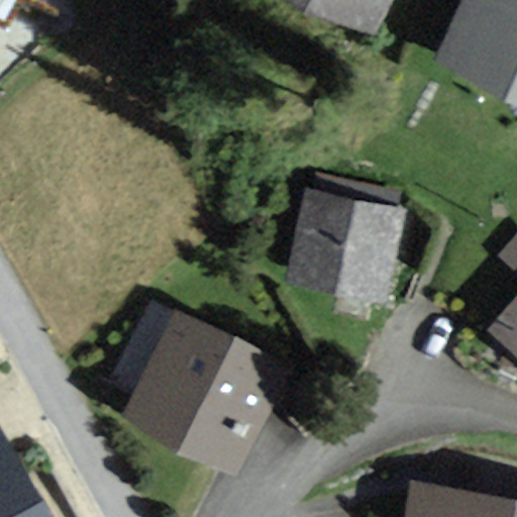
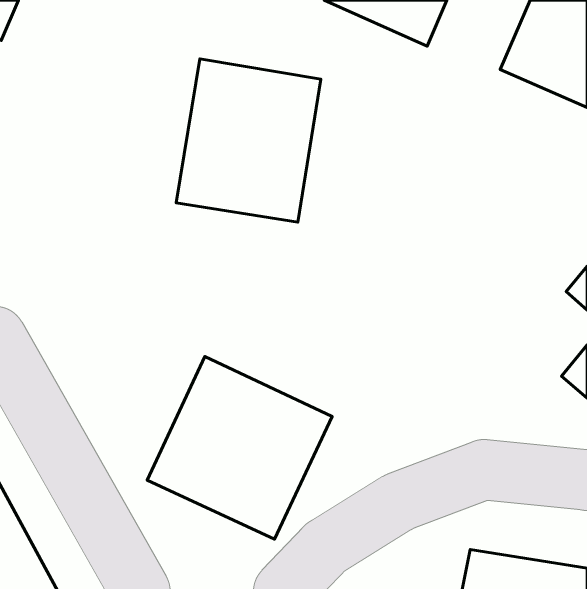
building: none -> [176,59,321,222]
building: [283,189,398,299] -> none

